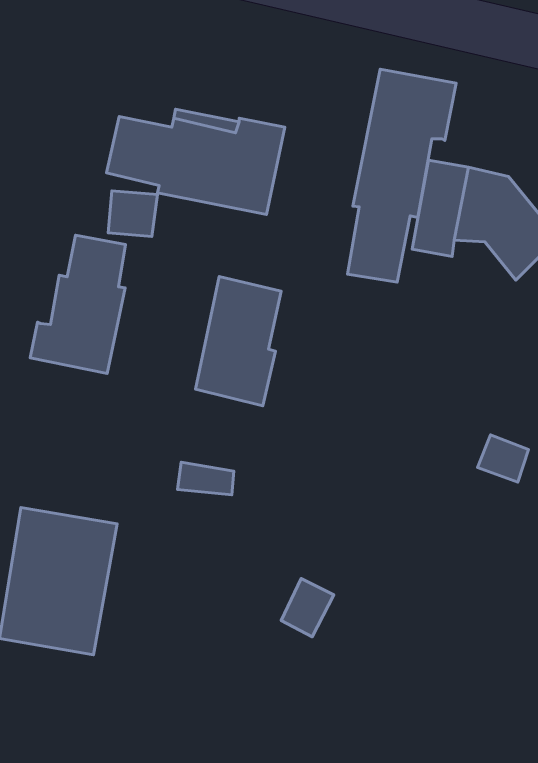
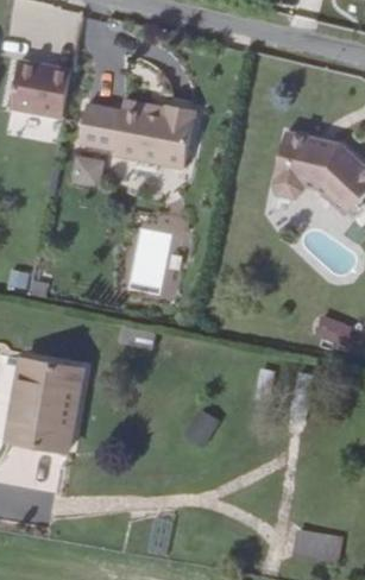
building: none -> [13,57,76,118]
building: [348,69,456,282] -> none
building: [30,235,126,374] -> none

